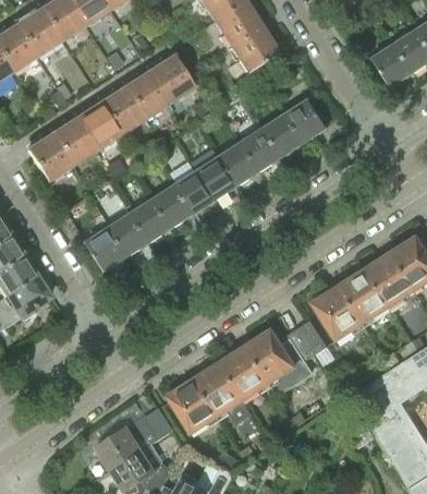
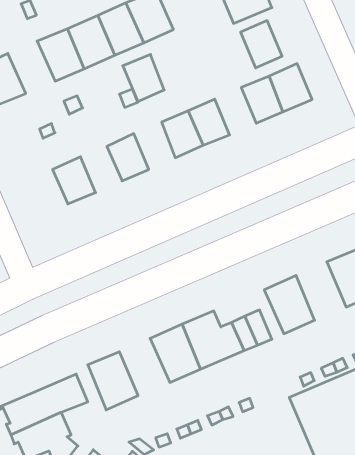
building: [51,117,97,165] -> none
building: [241,128,281,171] -> [241,21,282,68]
building: [174,170,215,214] -> [123,54,164,102]
building: [131,200,171,242] -> none
building: [86,228,126,270] -> none
building: [339,269,388,323] -> none
building: [194,363,243,415] -> none

